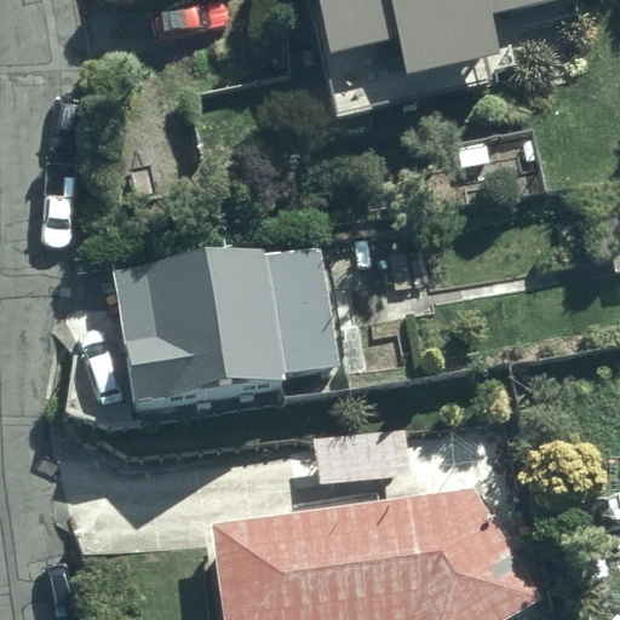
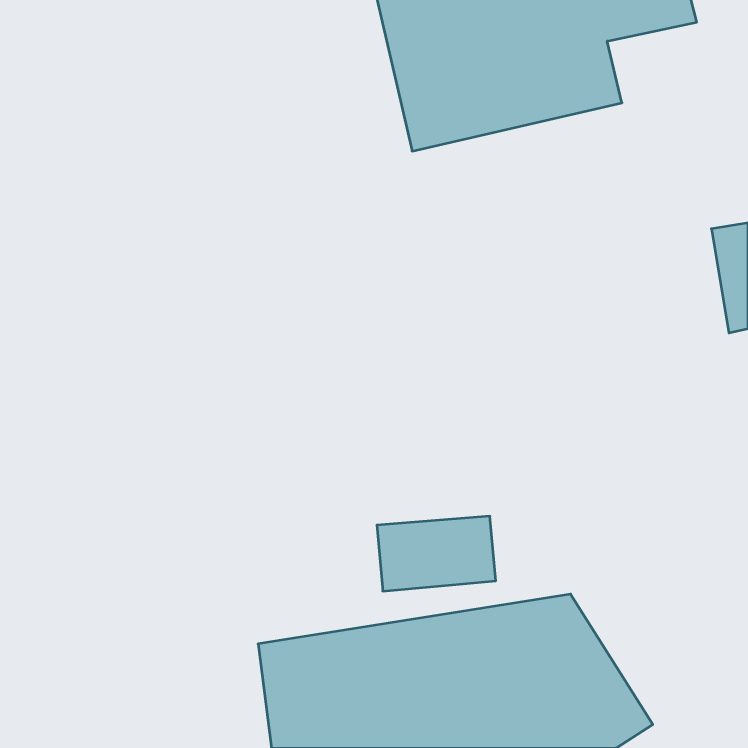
building: [111,243,338,403] -> none

